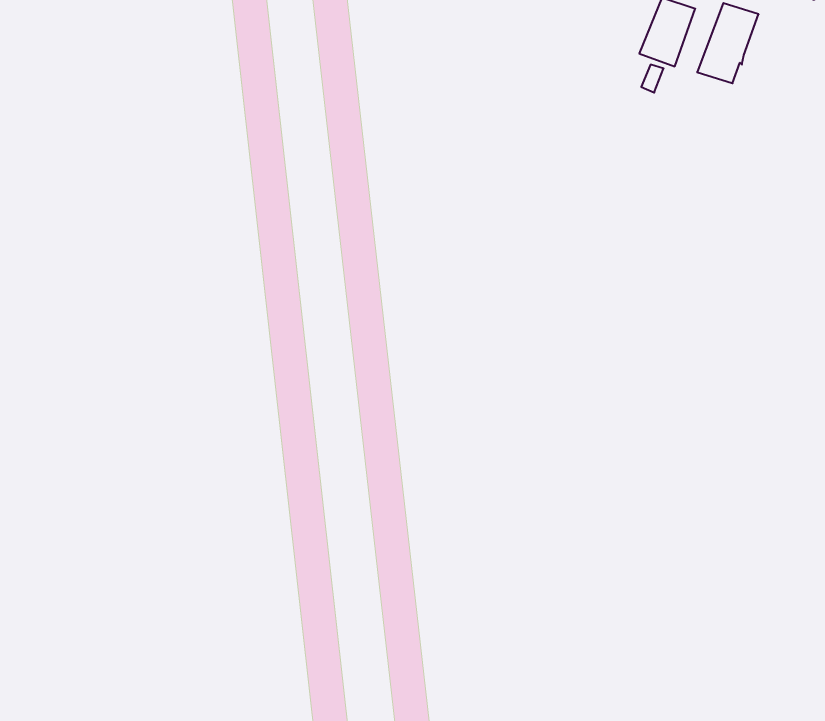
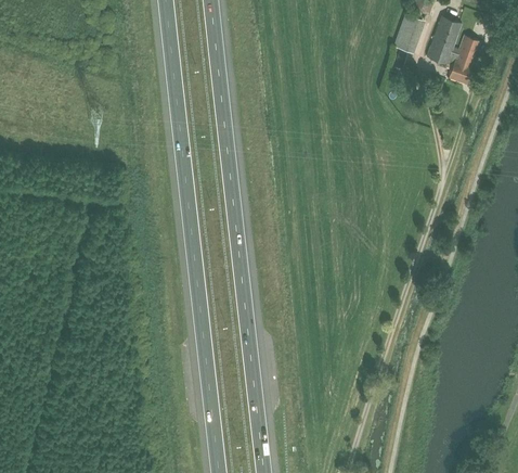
building: none -> [449,35,481,82]

